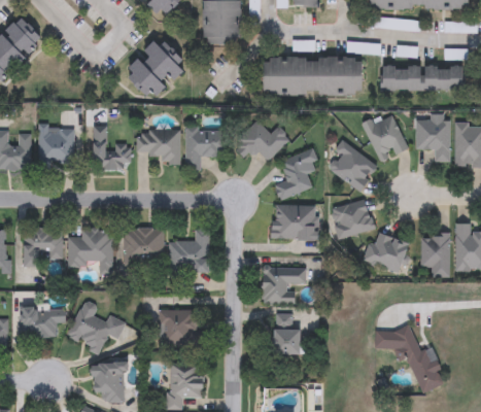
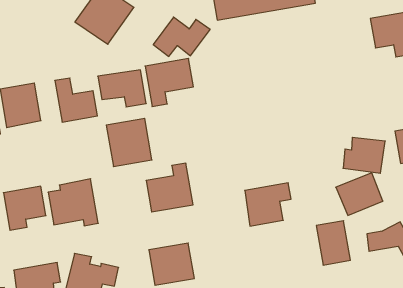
building: [364,112,409,161] -> none
building: [233,119,291,161] -> [153,17,210,56]
building: [330,139,378,192] -> none
building: [274,148,317,199] -> none
building: [330,200,374,238] -> [336,173,383,215]
building: [273,204,320,240] -> none
building: [124,228,163,270] -> [106,118,152,167]
building: [274,313,302,353] -> [316,221,350,265]

